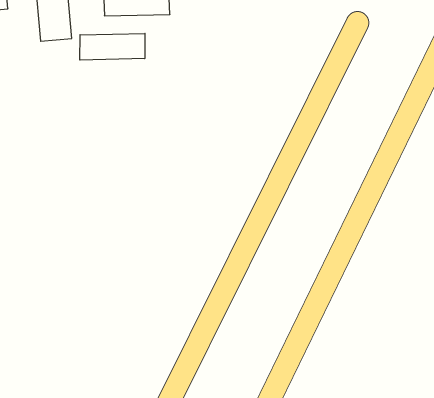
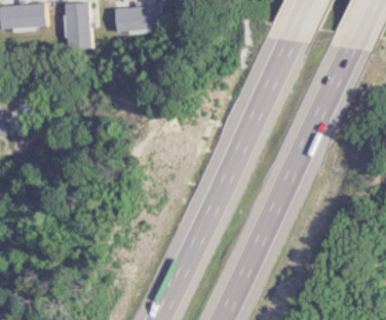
building: [80,33,145,60] -> none

